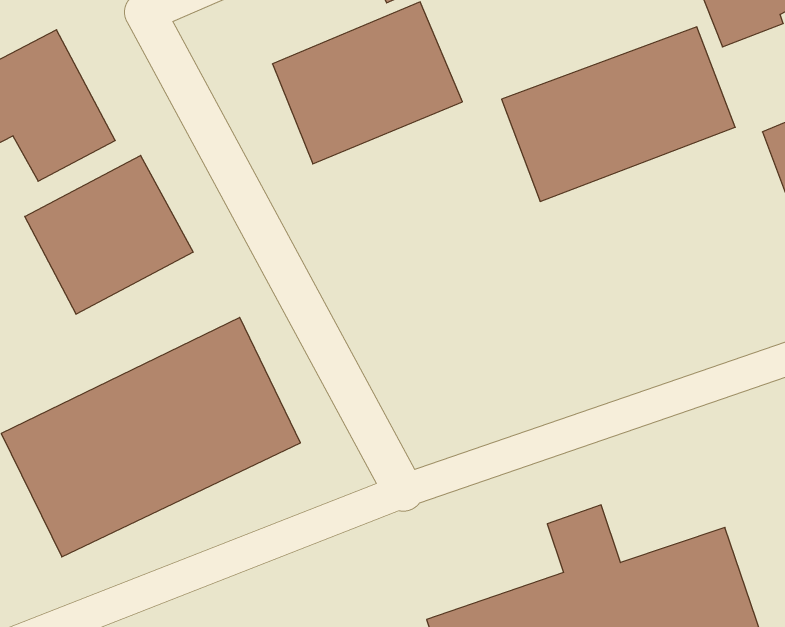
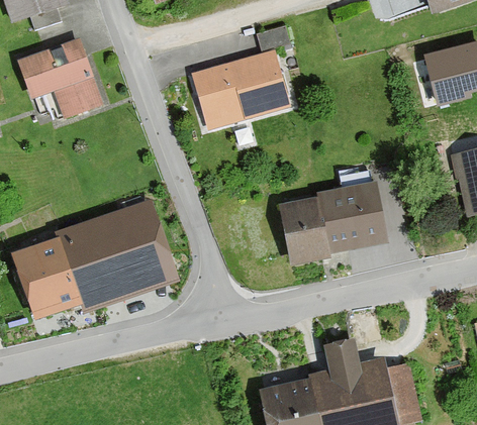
building: [502,27,735,201] -> [262,181,385,262]
building: [25,155,193,314] -> none

